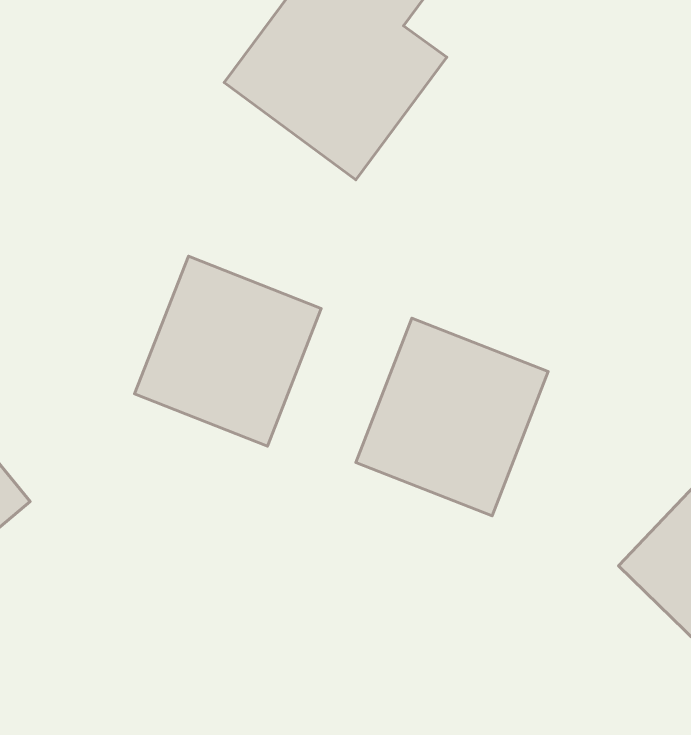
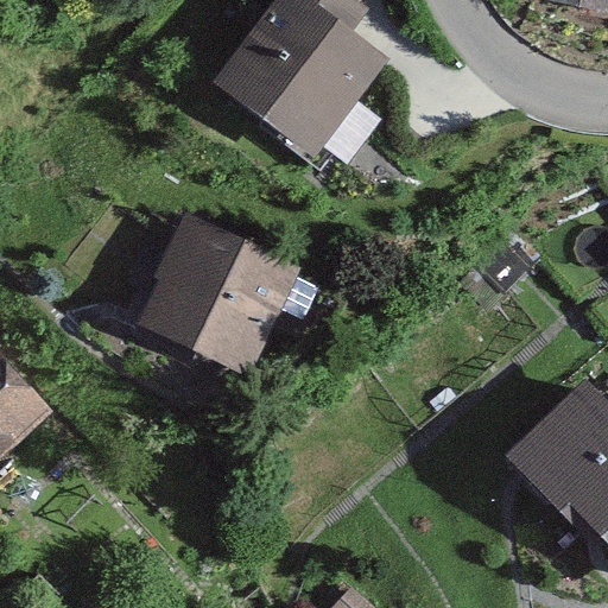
building: [356,318,548,516] -> none

